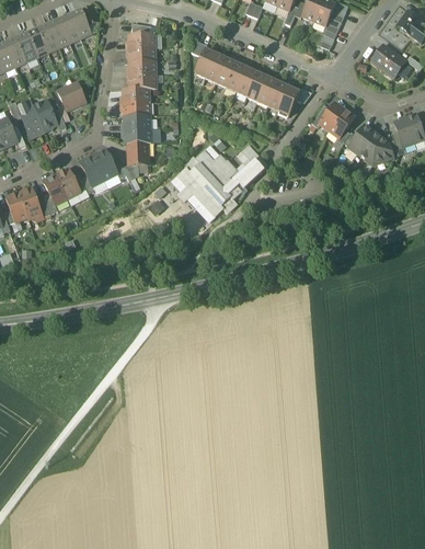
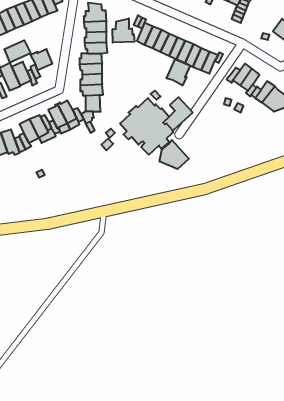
building: none -> [113,18,134,43]
building: none -> [4,40,31,63]
building: none -> [166,59,190,86]
building: none -> [160,140,189,169]

